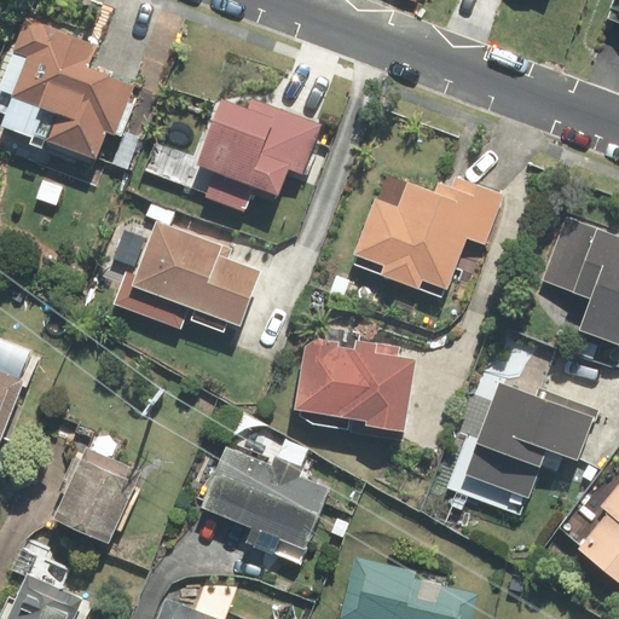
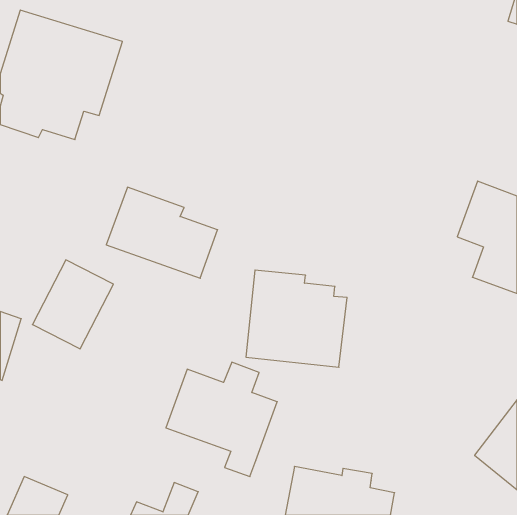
building: [189,98,324,218] -> none
building: [347,162,508,294] -> none
building: [442,374,597,517] -> none
building: [44,446,140,553] -> [32,260,113,349]

